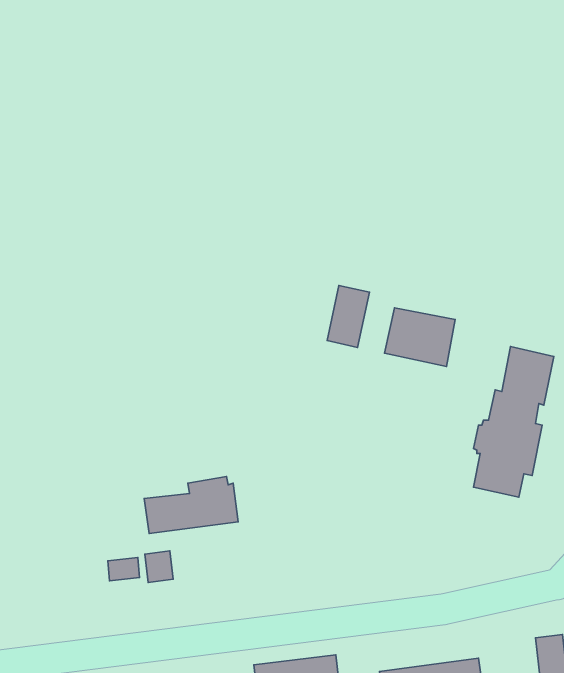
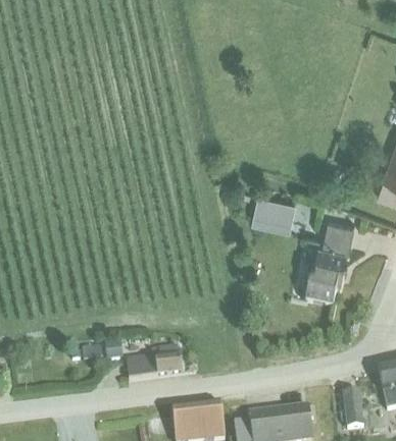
building: [327,285,370,347] -> none
building: [144,477,238,534] -> [127,343,184,378]

